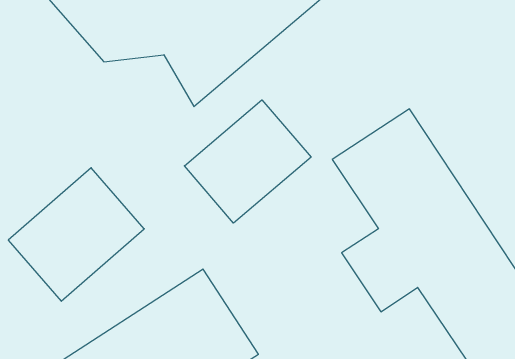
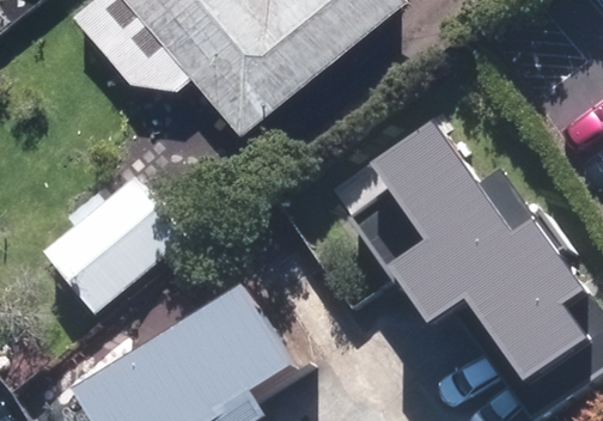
building: [184,100,311,223] -> none

